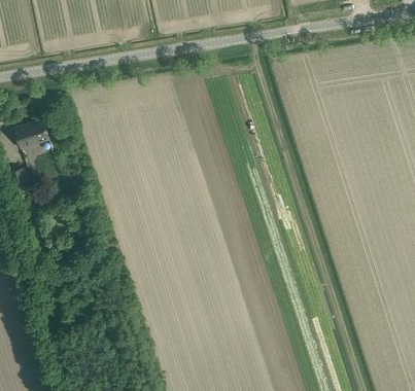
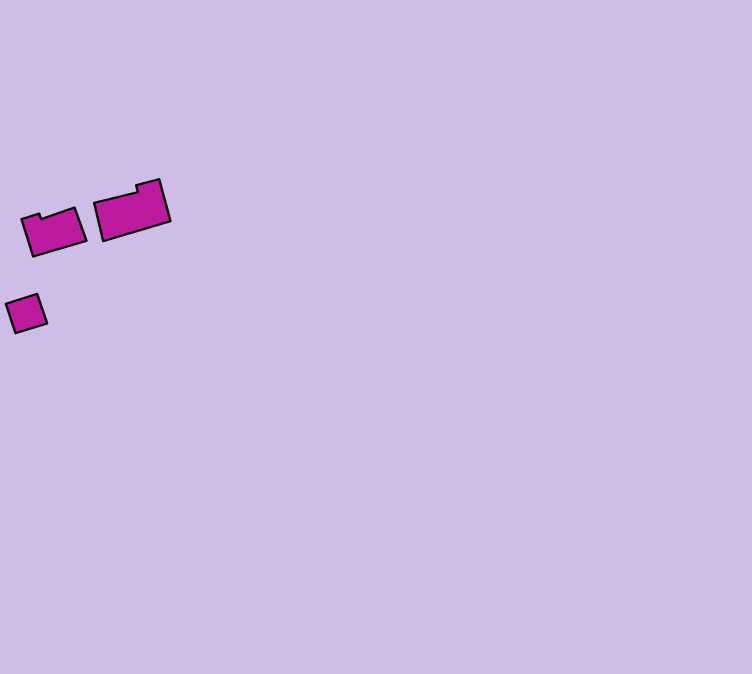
building: none -> [94,179,171,241]

